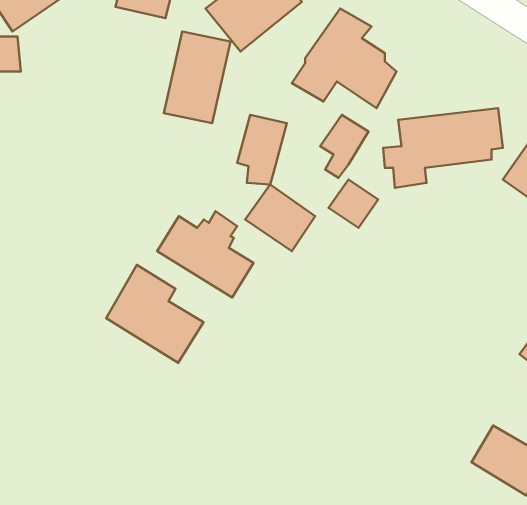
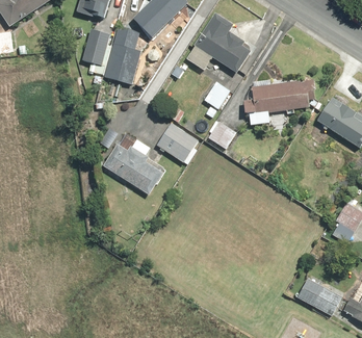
building: [237,115,287,185] -> [81,30,112,74]
building: [106,265,203,363] -> none

